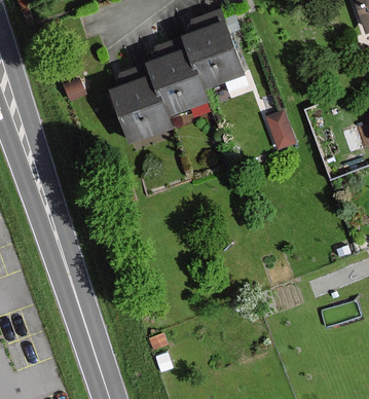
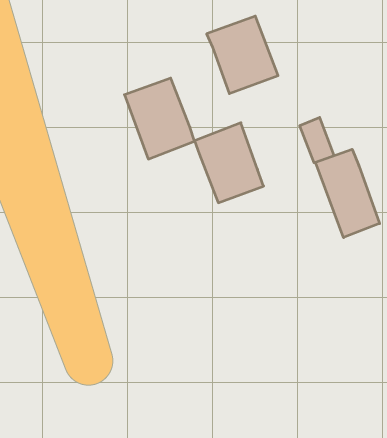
building: [148,49,208,118] -> [194,123,264,203]
building: none -> [315,149,380,238]

